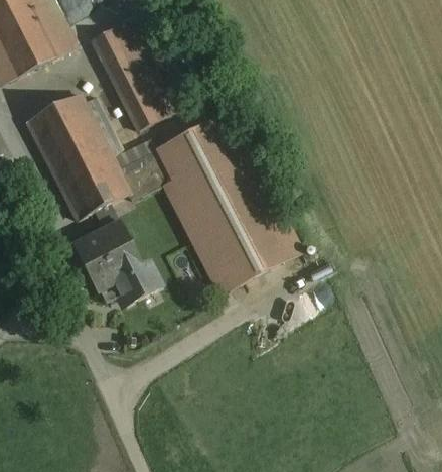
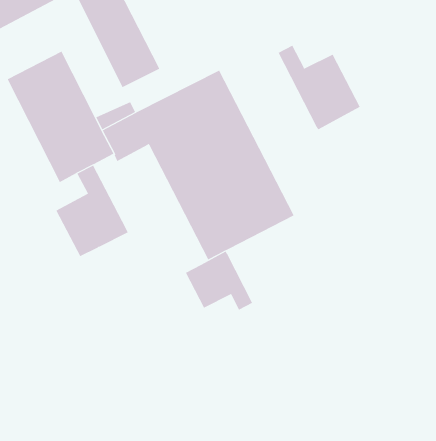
building: none -> [278,45,360,130]
building: [114,261,159,304] -> none
building: none -> [185,251,253,311]

